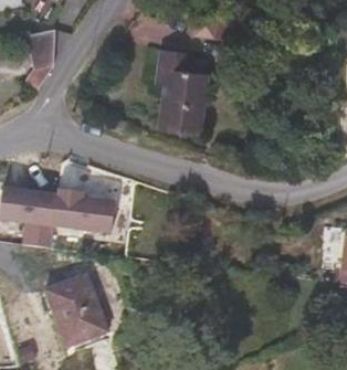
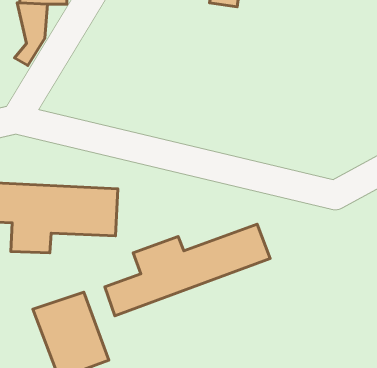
building: [156,49,211,136] -> none
building: none -> [105,224,270,316]

